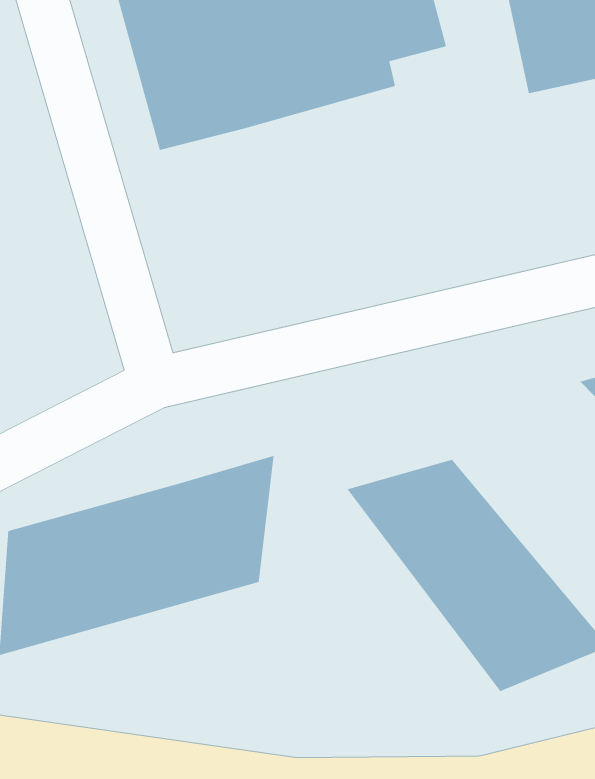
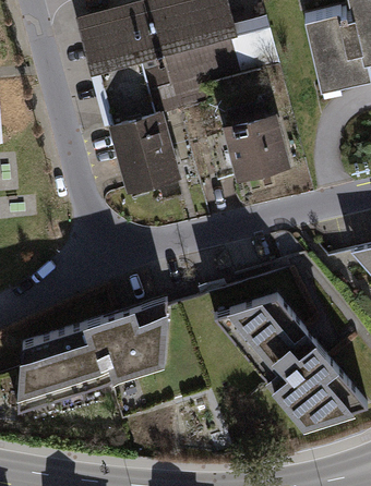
building: none -> [106,107,176,187]
building: none -> [220,114,290,180]

